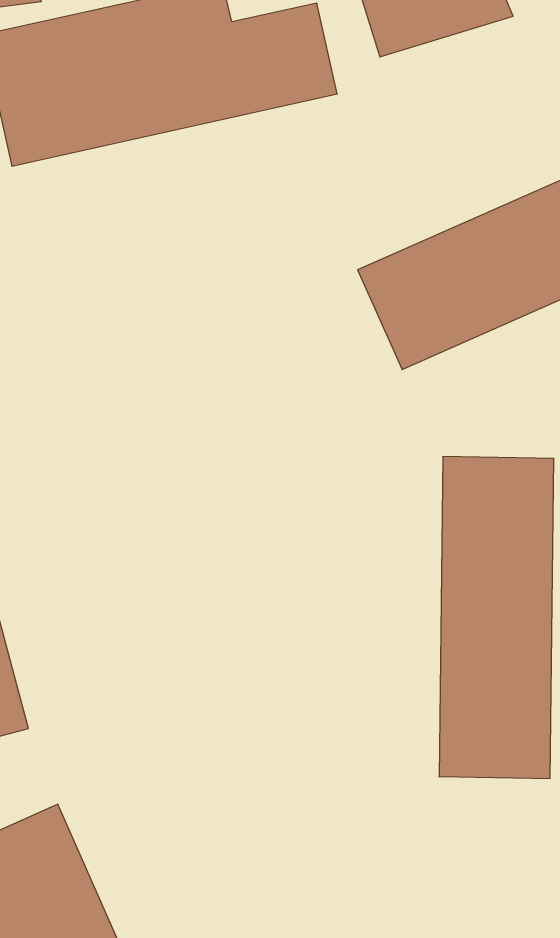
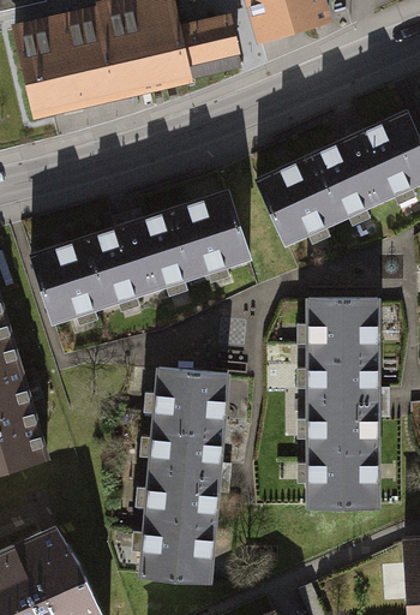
building: none -> [35,187,247,317]
building: none -> [136,369,228,584]

